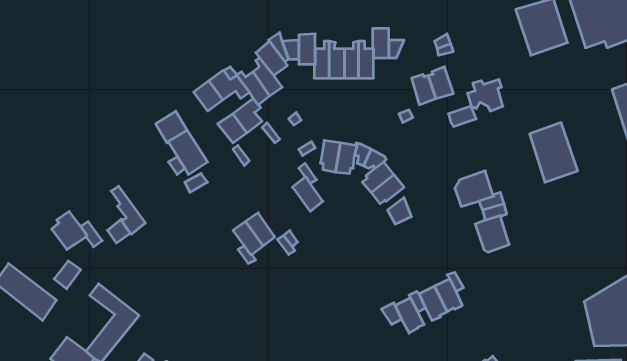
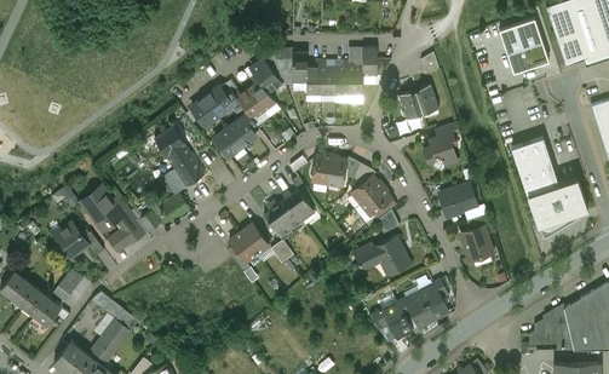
building: [467,79,503,111] -> [424,137,458,167]
building: none -> [527,178,588,237]
building: none -> [80,188,121,232]
building: none -> [264,200,303,238]
building: none -> [356,236,410,277]
building: none -> [530,306,574,351]

